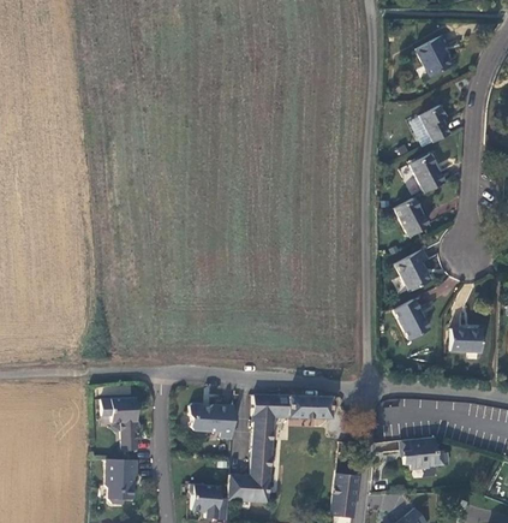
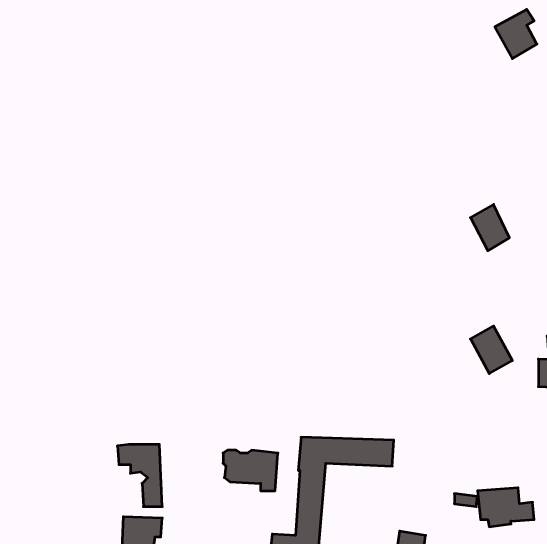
building: [419,106,449,142] -> none
building: [411,155,444,192] -> none
building: [396,250,431,291] -> none

